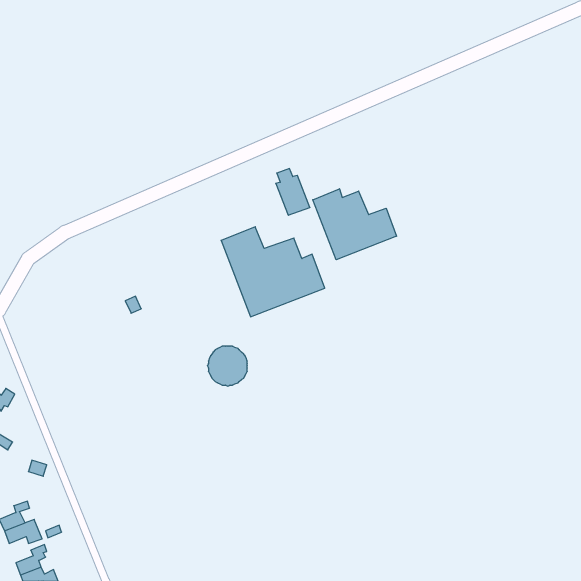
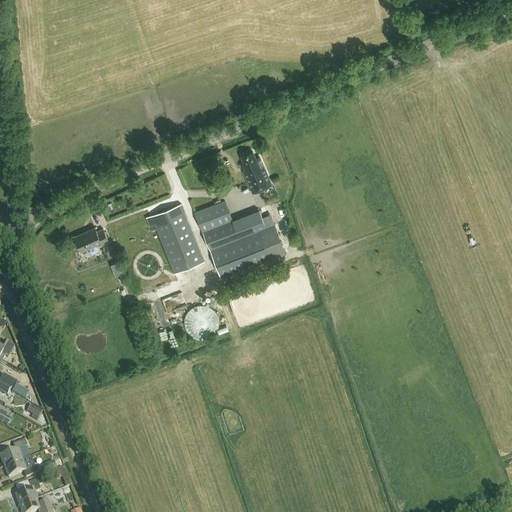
building: [313,189,397,260] -> none
building: none -> [145,203,203,272]
building: none -> [74,226,108,250]

